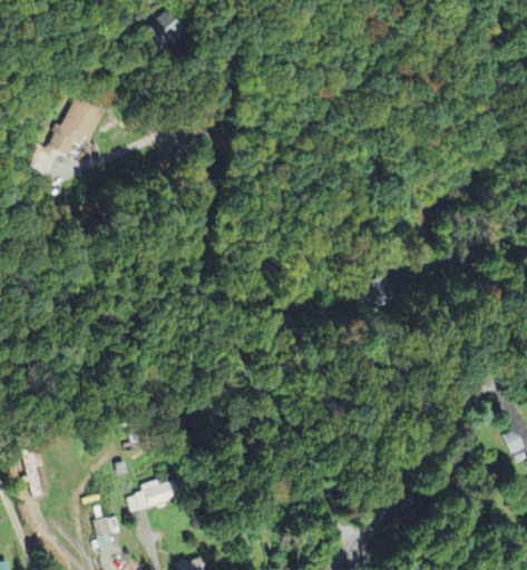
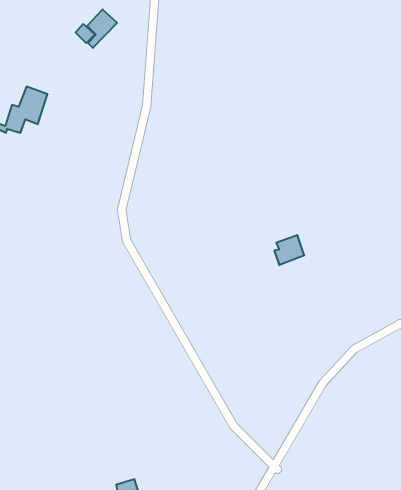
building: [134,478,175,509] -> none
building: [96,513,121,549] -> none

